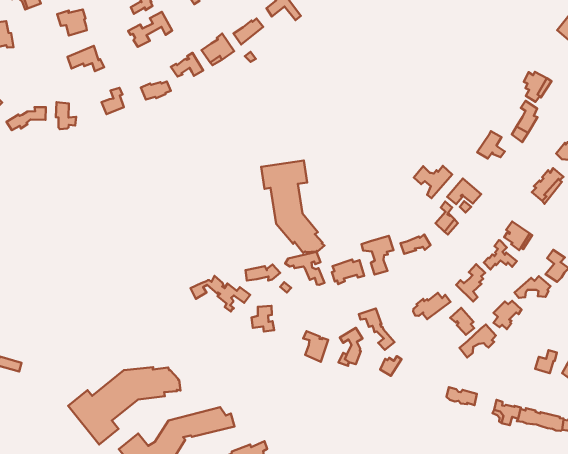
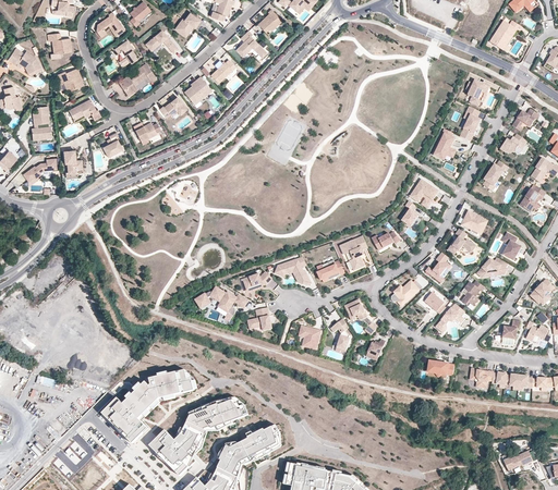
building: none -> [29,106,49,137]
building: [261,160,324,253] -> none
building: [414,166,452,198] -> none

